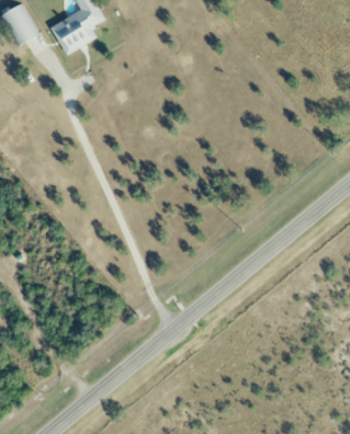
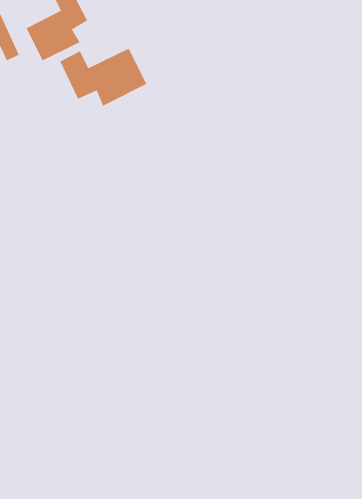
building: none -> [59,48,147,106]

